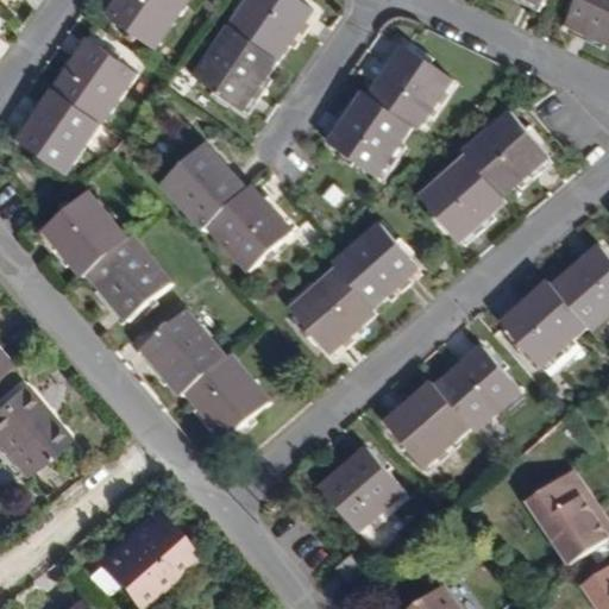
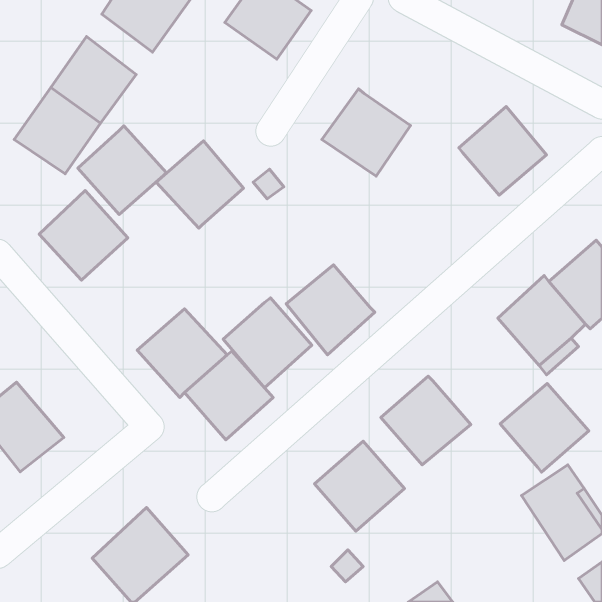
building: [188,23,278,112] -> none
building: [366,42,454,131] -> none
building: [416,153,507,243] -> none
building: [203,184,293,275] -> [223,298,312,388]
building: [332,220,421,309] -> none
building: [87,234,176,324] -> [78,126,167,214]
building: [435,343,525,432] -> [500,384,589,472]

